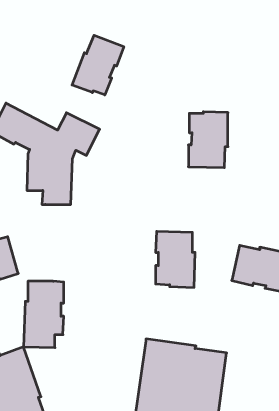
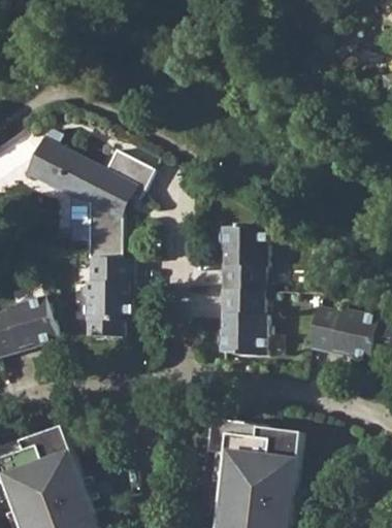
building: [72,35,124,95] -> none
building: [188,112,228,168] -> [222,225,268,291]
building: [23,281,64,348] -> [86,258,133,336]

